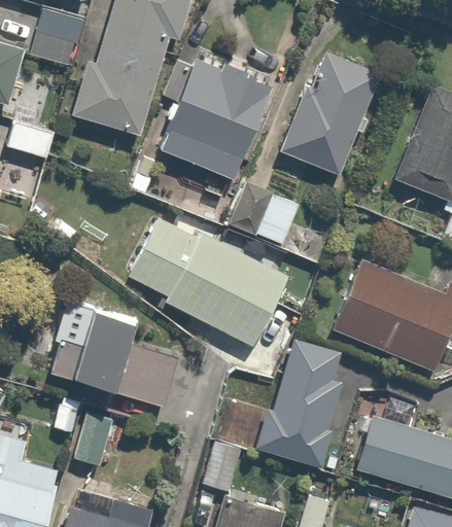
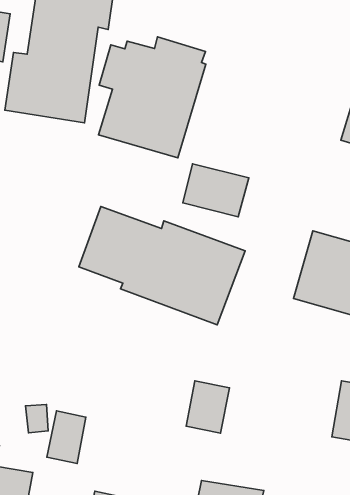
building: [275,46,382,182] -> none
building: [66,309,179,409] -> none
building: [256,340,344,471] -> none
building: [199,442,245,497] -> none

